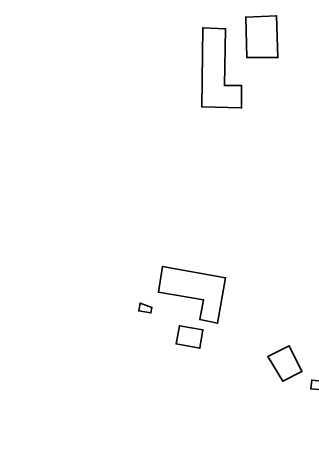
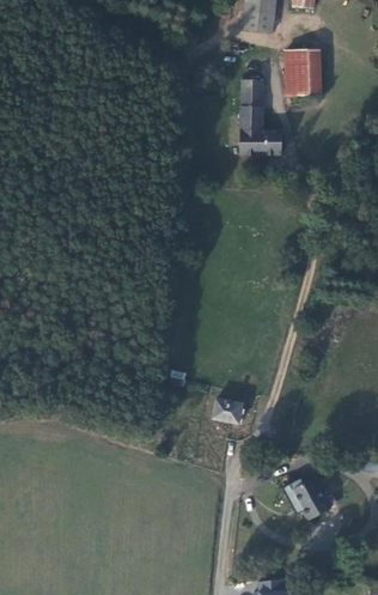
building: [159,266,225,323] -> none
building: [268,346,302,381] -> [288,480,327,520]

